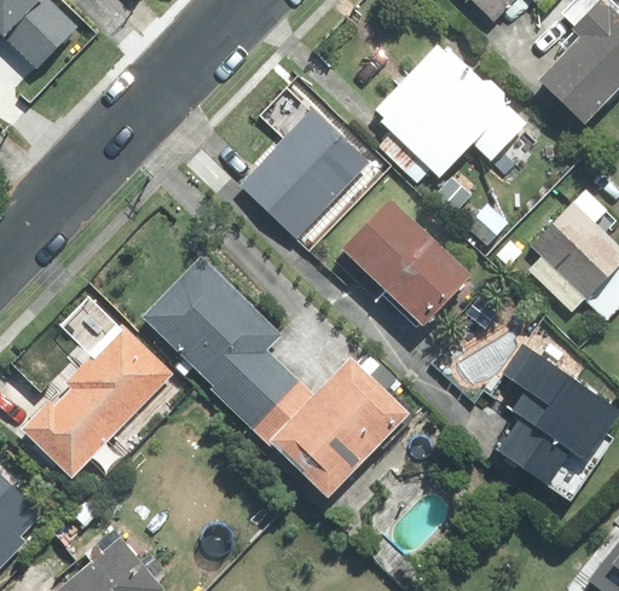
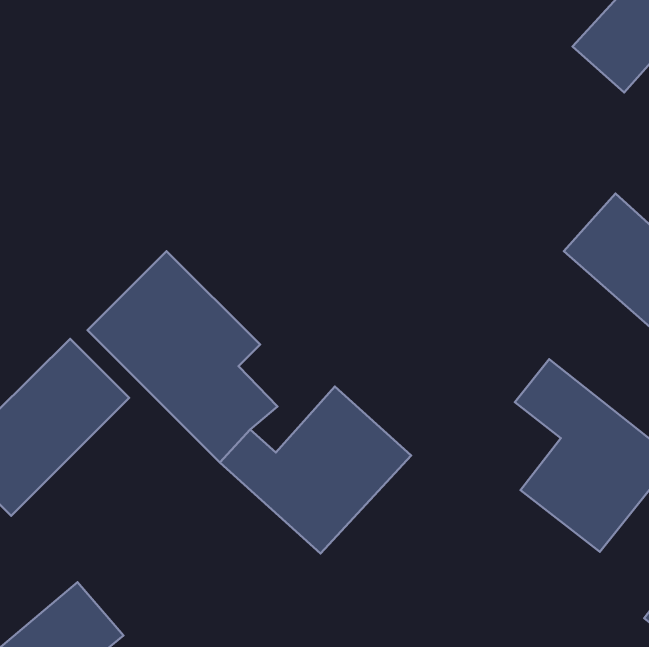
building: [376,44,521,168] -> none
building: [236,104,374,243] -> none
building: [331,198,468,332] -> none

